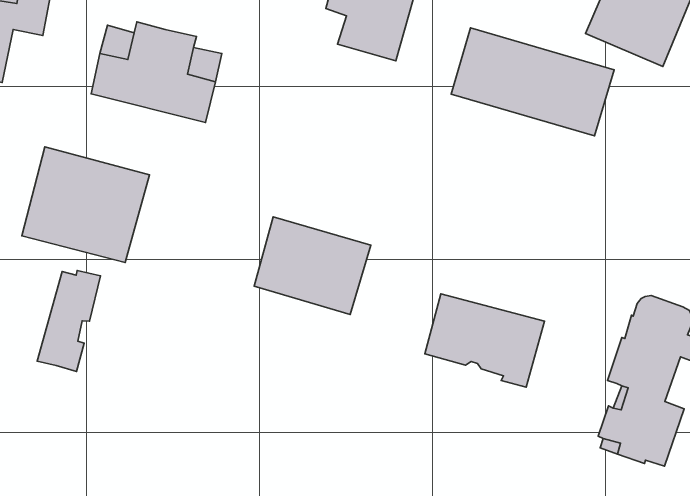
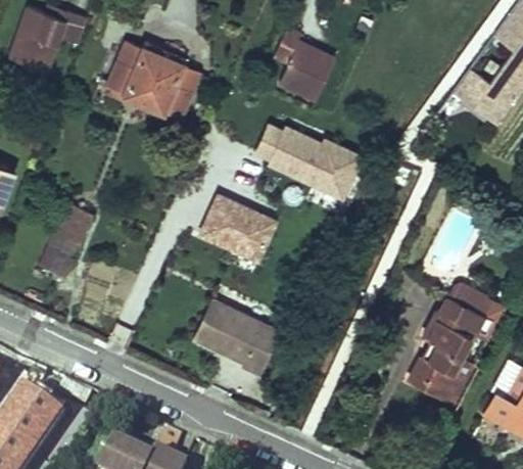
building: [451,28,614,136] -> [249,115,363,202]
building: [22,147,150,262] -> none
building: [425,294,544,387] -> [196,300,281,373]

